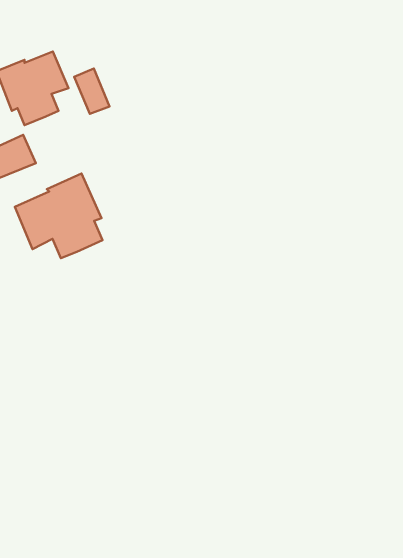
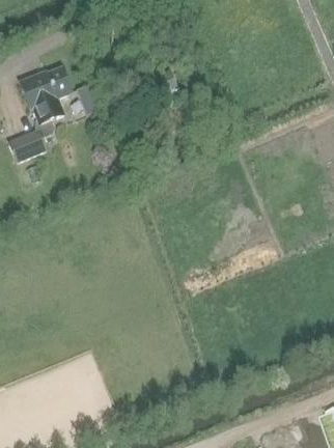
building: [15,174,103,258] -> none

